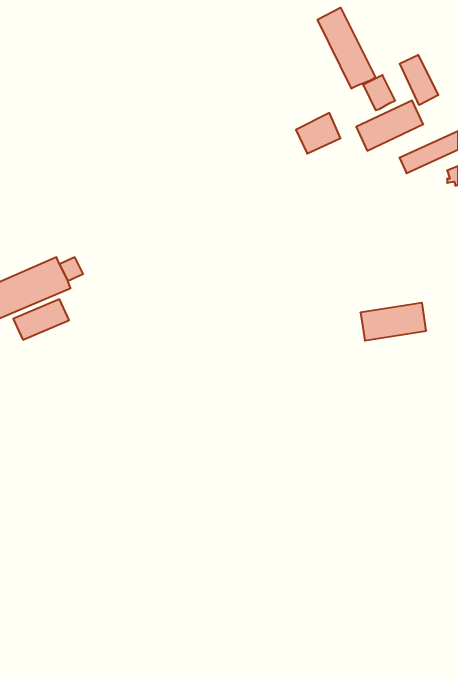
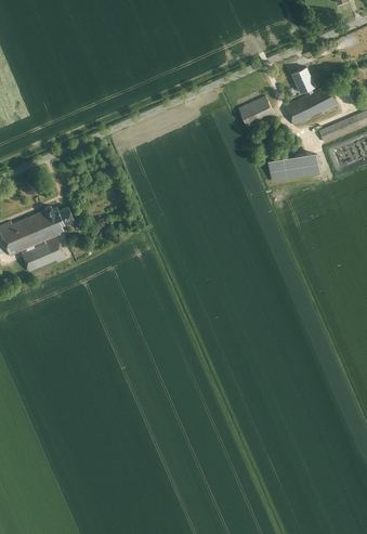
building: [318,8,376,89] -> none
building: [400,55,438,105] -> none
building: [360,303,426,341] -> [267,153,318,182]

